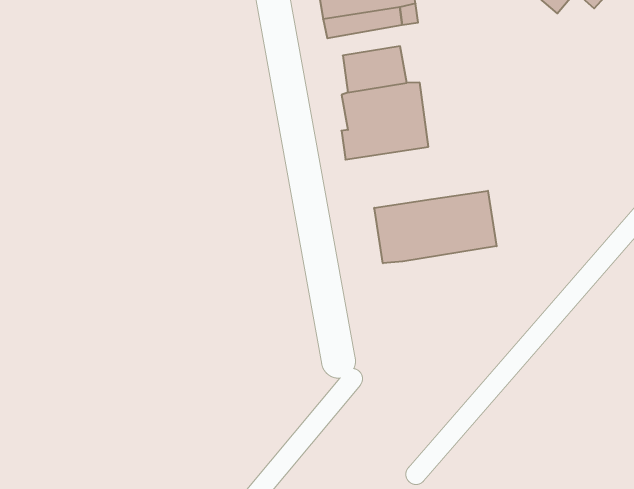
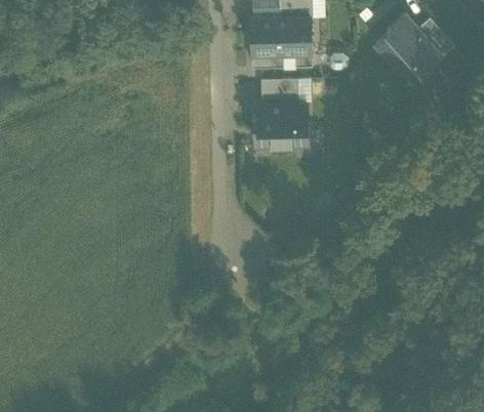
building: [374,191,497,263] -> none

